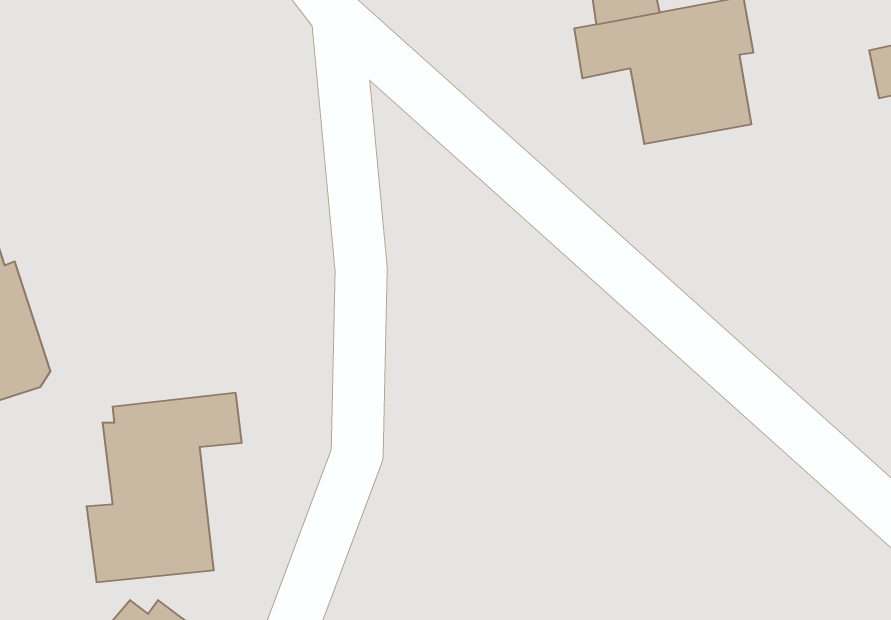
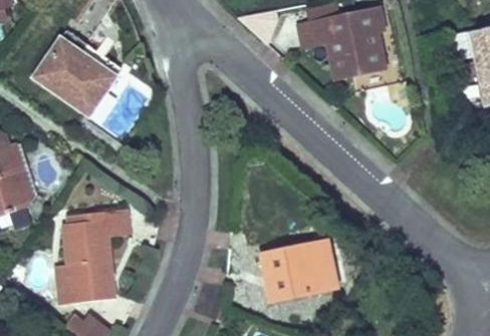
building: none -> [37,41,120,118]
building: none -> [259,239,340,303]

